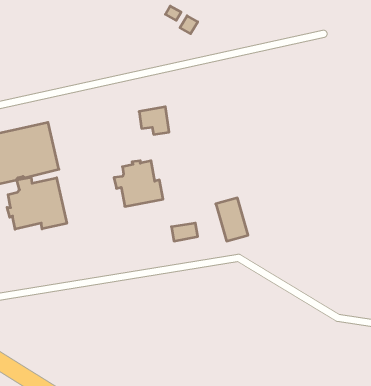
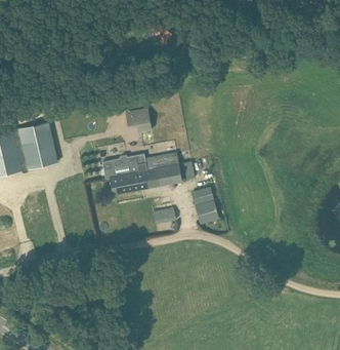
building: none -> [135,152,194,187]
building: [7,177,67,229] -> none

